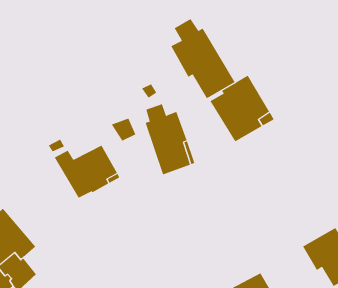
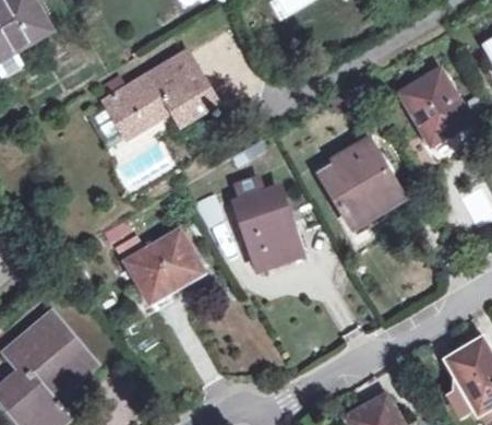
building: none -> [92,50,217,138]
building: [170,18,235,99] -> none
building: none -> [398,68,470,144]

